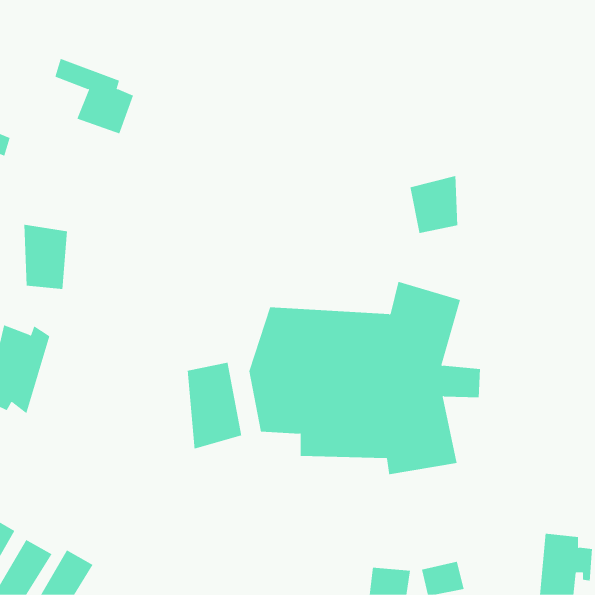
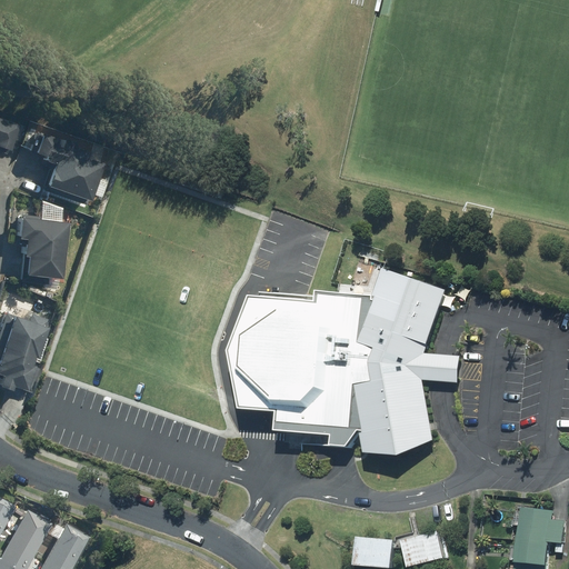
building: [54,58,134,134] -> [23,129,99,201]
building: [410,175,458,234] -> none
building: [187,362,242,450] -> none

